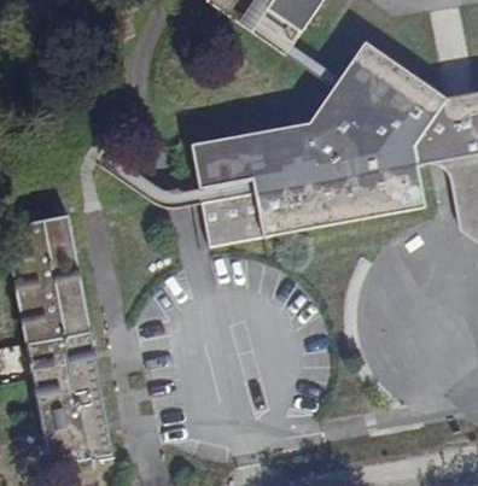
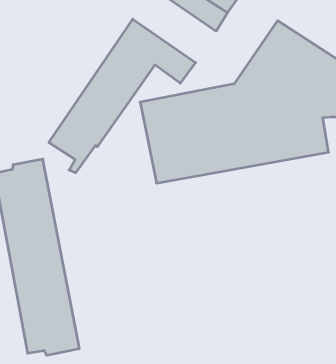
building: none -> [49,19,196,173]

